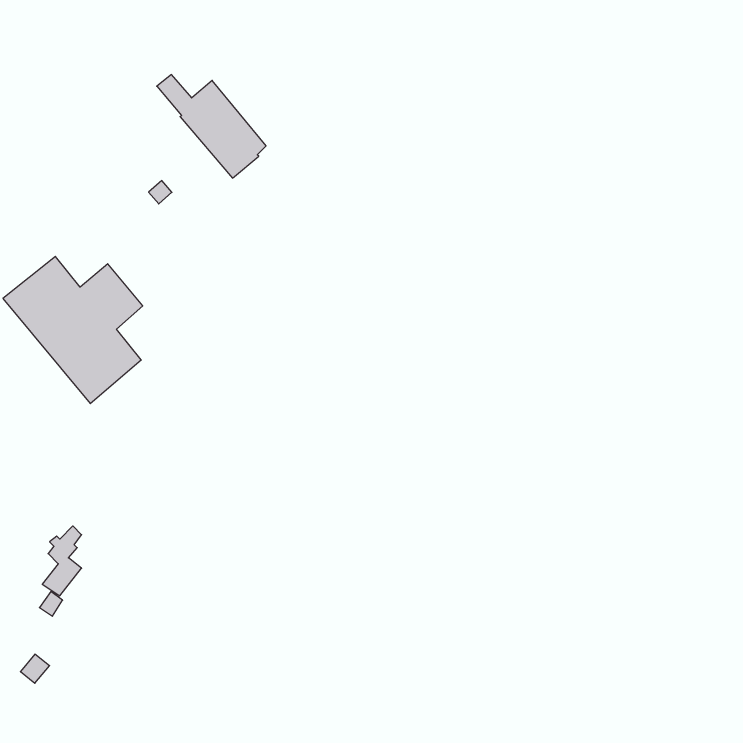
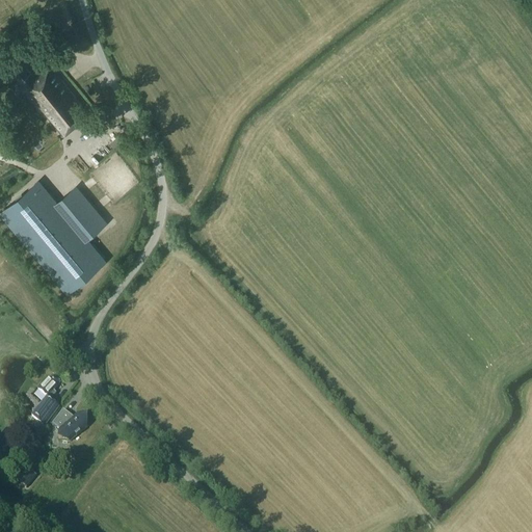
building: [157,75,266,178] -> [8,61,86,135]
building: none -> [52,409,86,441]

